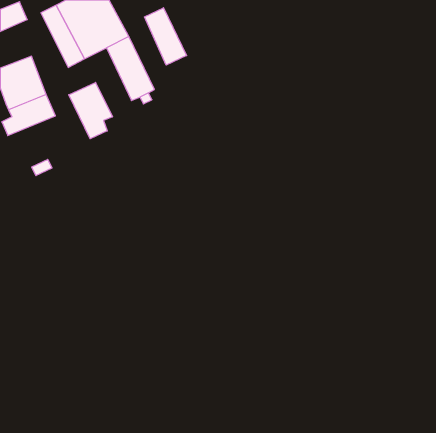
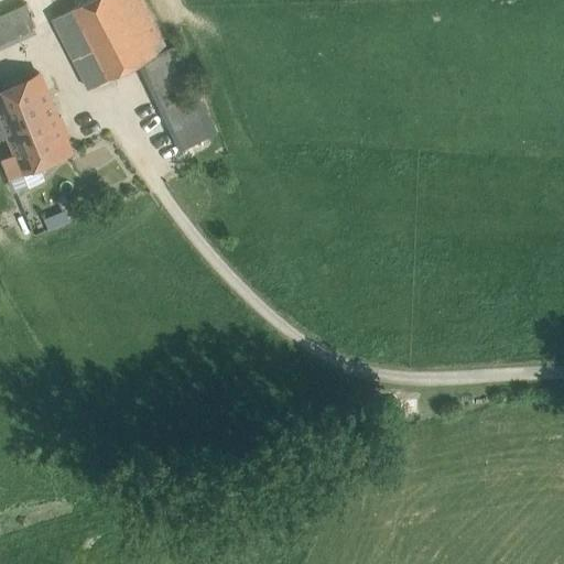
building: [145,8,187,65] -> none
building: [69,82,112,139] -> none

